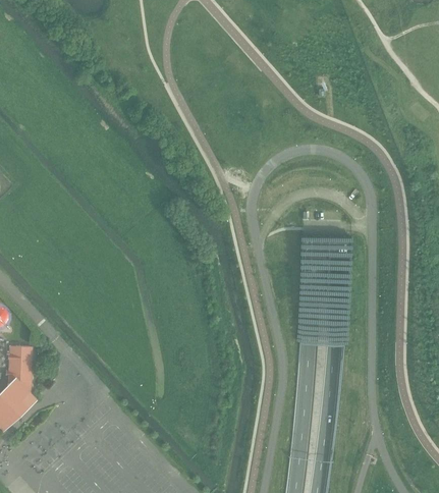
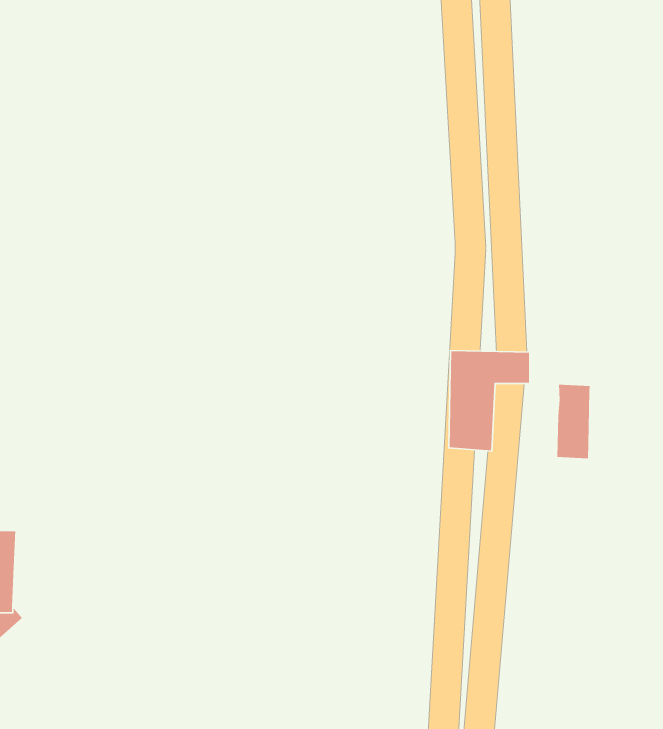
building: none -> [557,384,591,459]

